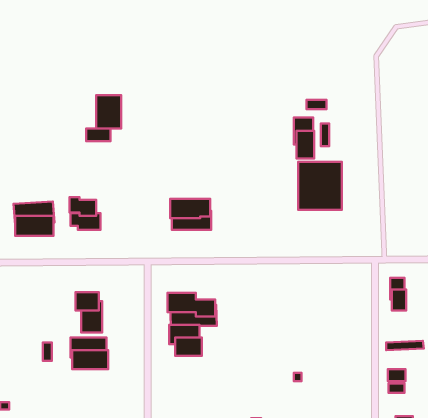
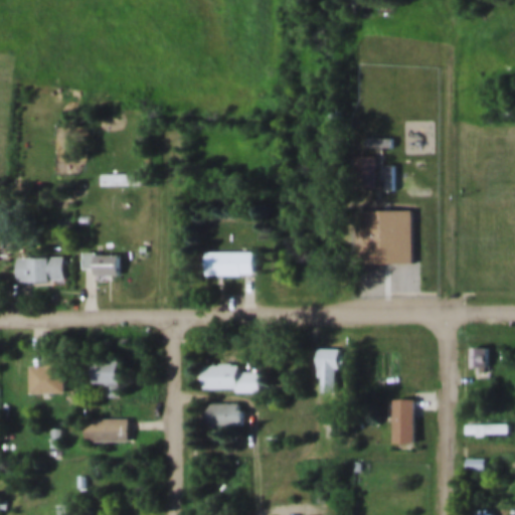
building: [96,95,121,128] -> none
building: none -> [316,349,340,393]
building: none -> [31,365,68,390]
building: none -> [391,399,412,444]

